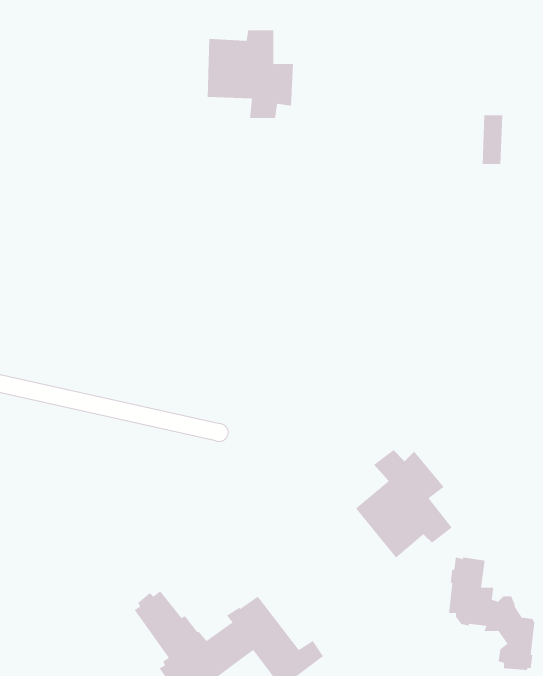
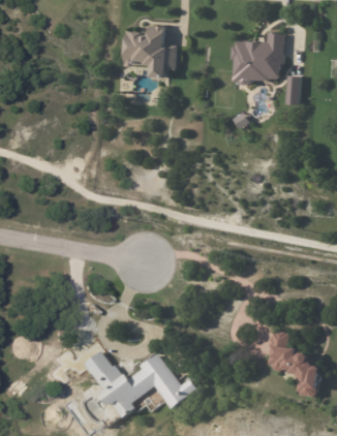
building: none -> [235,32,284,82]
building: [355,449,452,558] -> none

